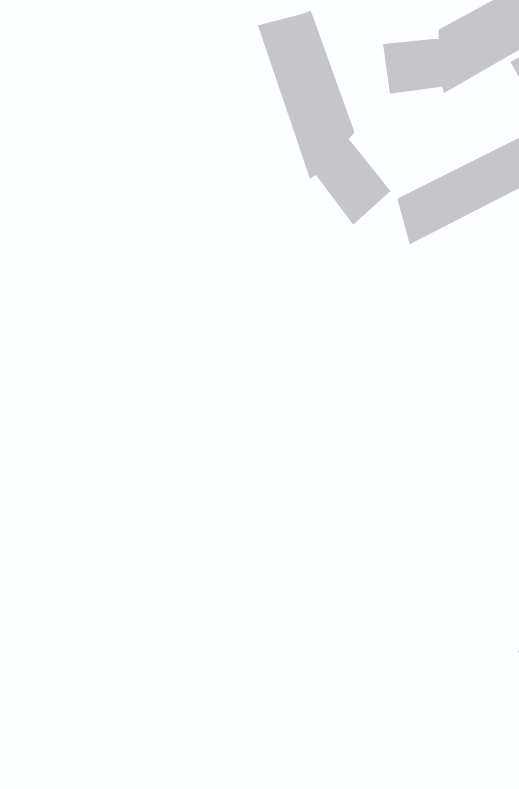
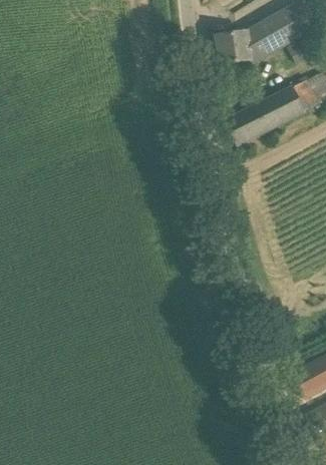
building: [257,10,391,226] -> none

